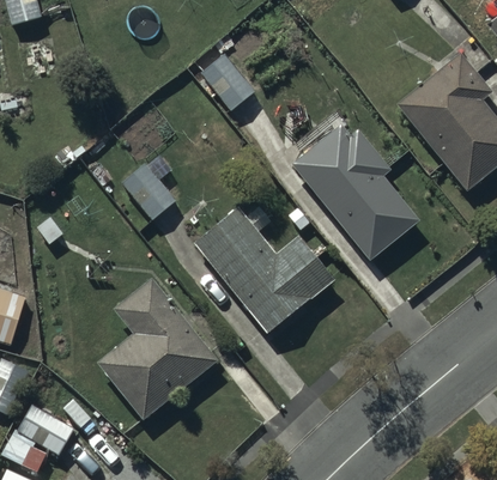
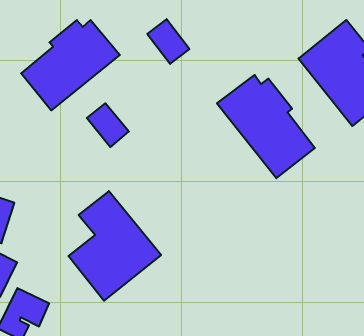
building: none -> [21,20,120,110]
building: [194,209,333,333] -> none

